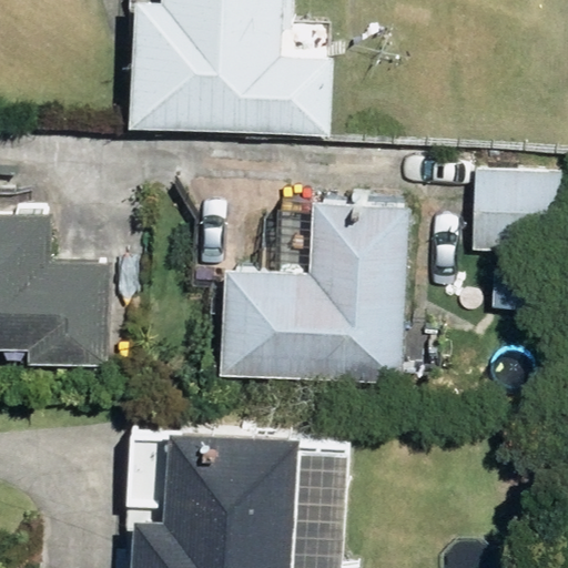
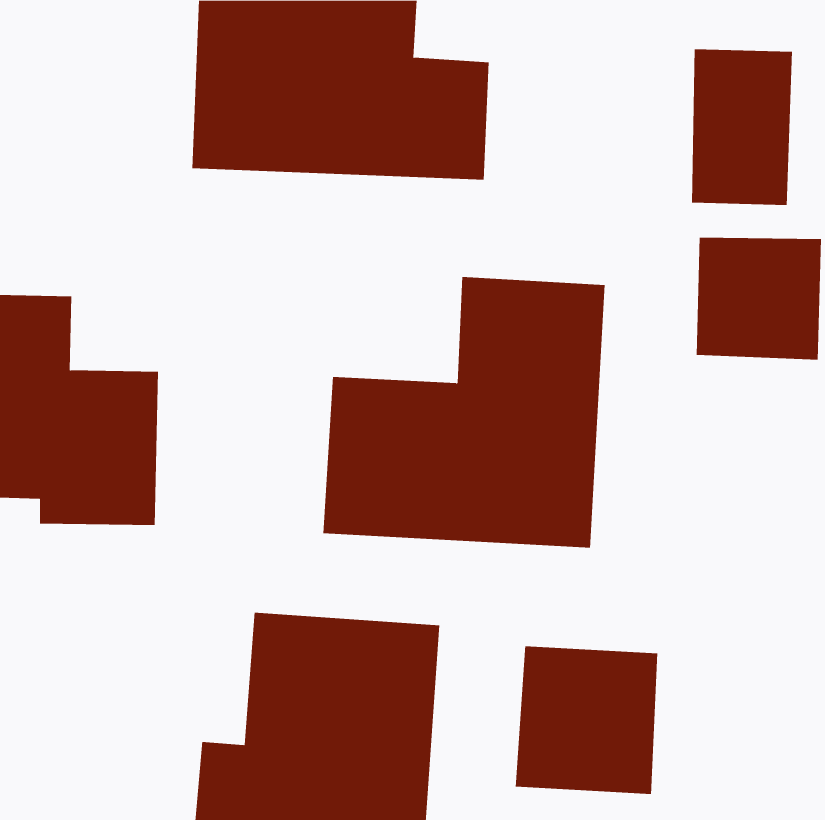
building: none -> [691,48,793,206]
building: none -> [515,645,658,795]

